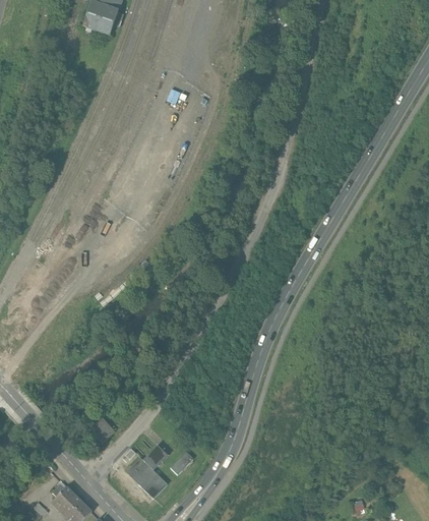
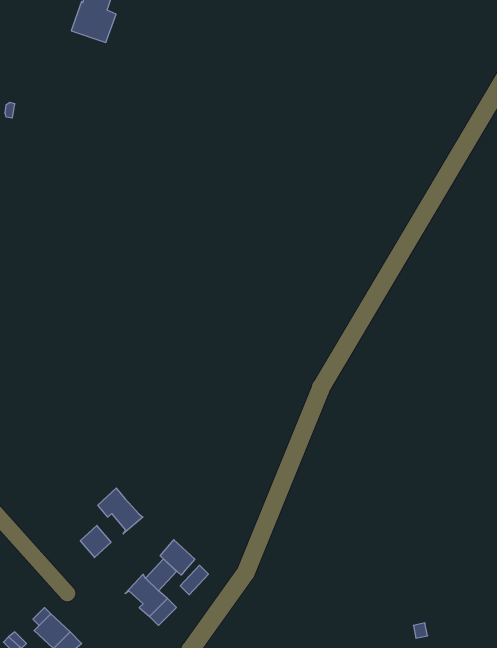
building: none -> [98,488,143,534]
building: none -> [160,540,195,575]

